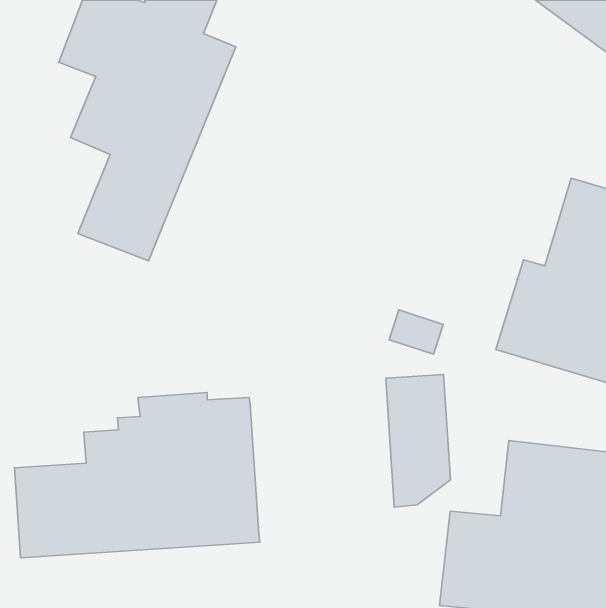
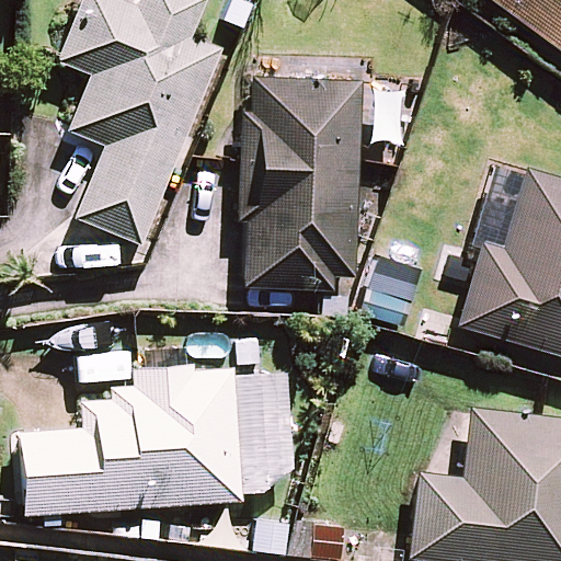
building: none -> [238,77,363,289]
building: [386,374,451,507] -> [234,370,294,492]

